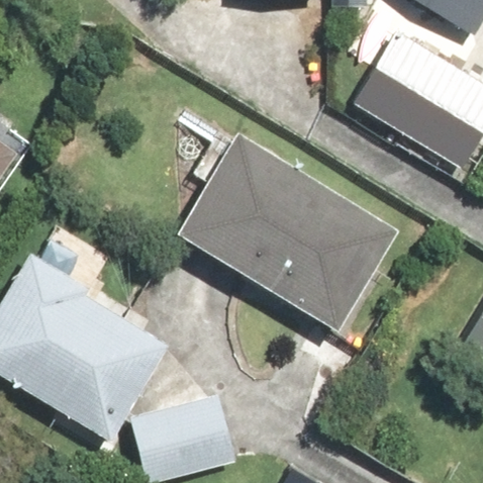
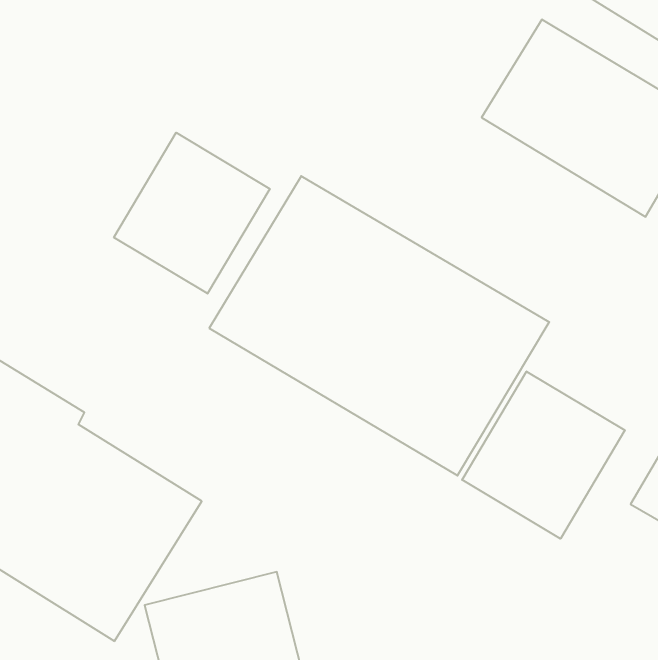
building: none -> [114,133,270,294]
building: none -> [462,371,625,539]

